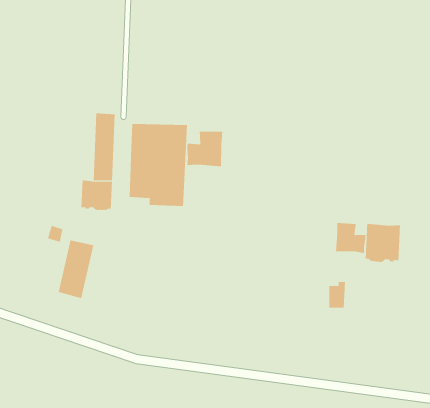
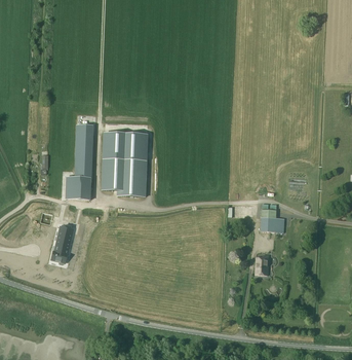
building: [187,131,223,167] -> none
building: [365,223,401,263] -> none

